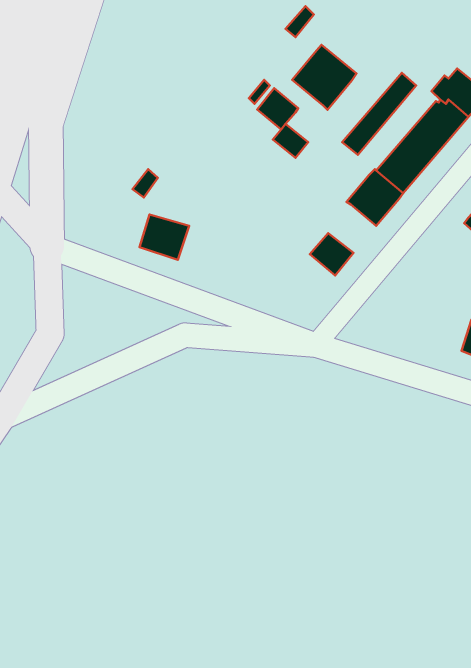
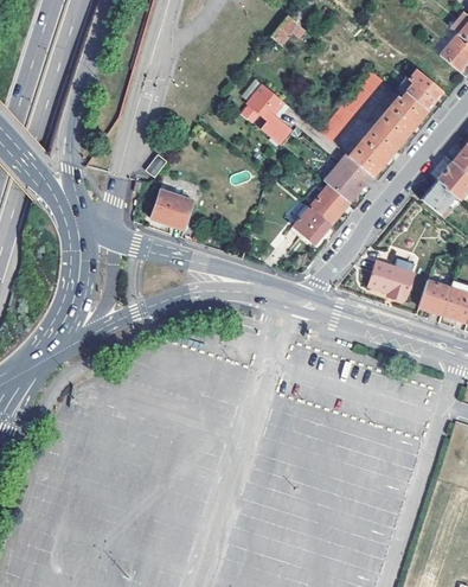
building: [292,45,357,110] -> none
building: none -> [308,184,348,224]
building: none -> [368,262,413,299]

